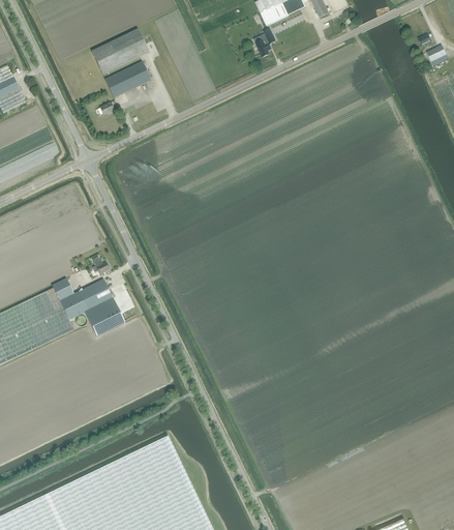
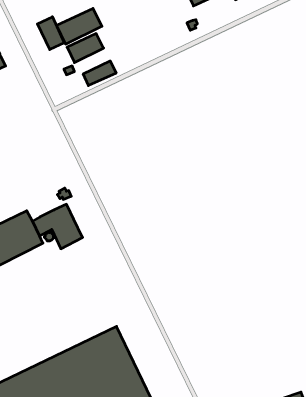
building: none -> [37,17,64,50]
building: none -> [83,61,116,86]

